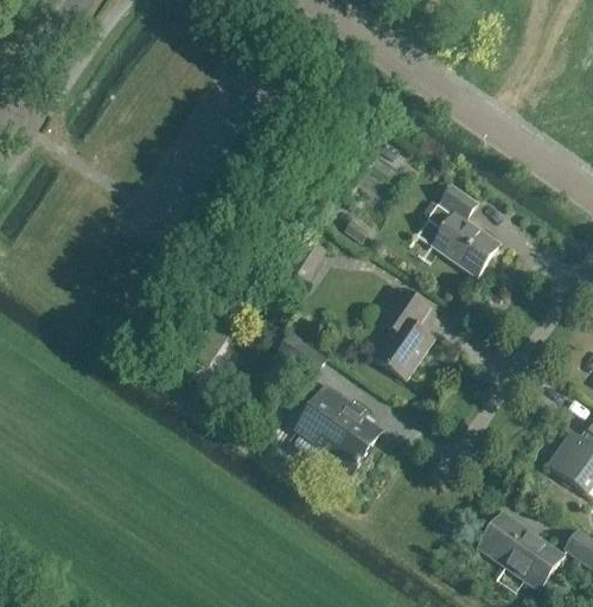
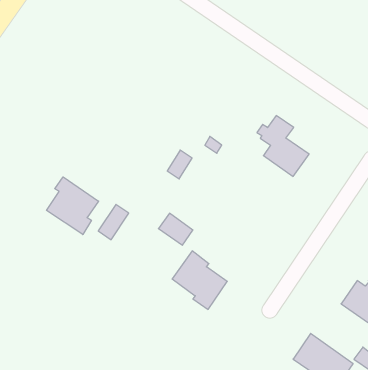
building: none -> [47,177,99,235]
building: [372,288,433,379] -> none

